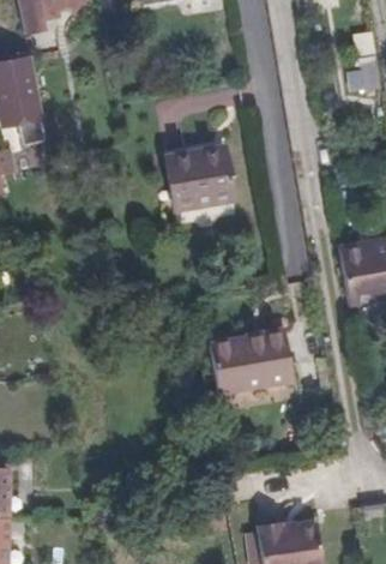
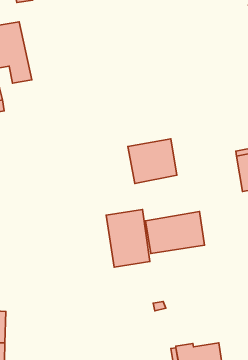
building: [164,148,234,211] -> [128,139,177,183]
building: none -> [106,209,150,267]

